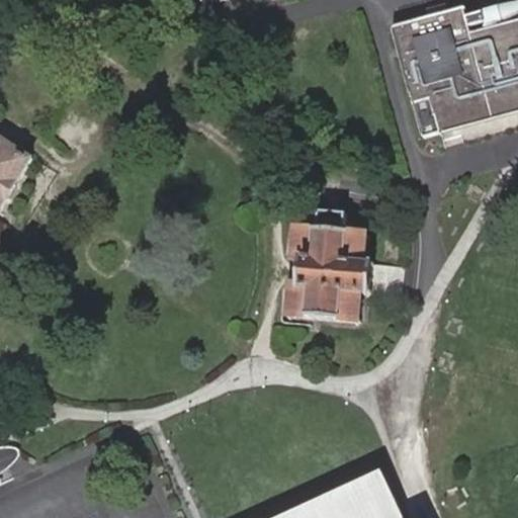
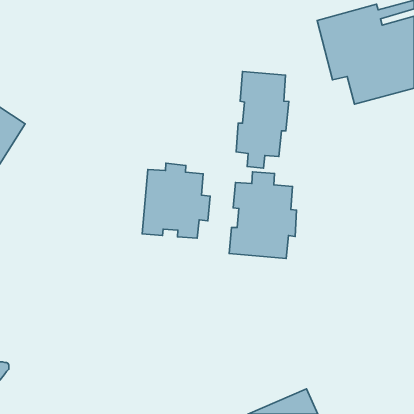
building: none -> [236,72,289,168]
building: none -> [142,163,210,238]

